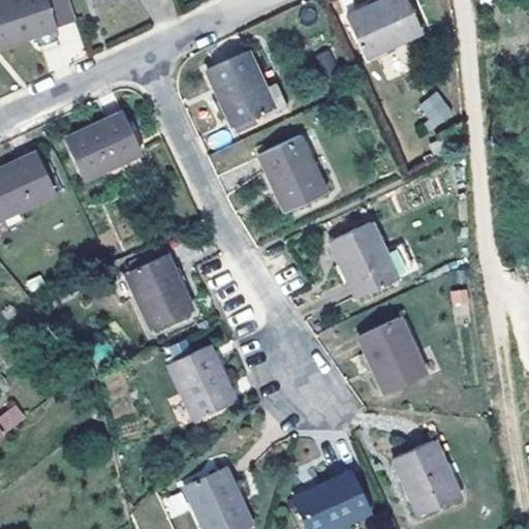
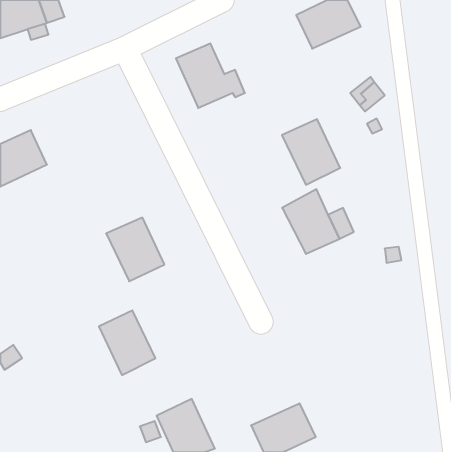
building: [65,113,143,179] -> none
building: [258,135,326,212] -> [282,119,340,185]
building: [359,316,426,393] -> none
building: [168,344,235,419] -> [99,310,155,375]
building: [393,439,459,514] -> none

